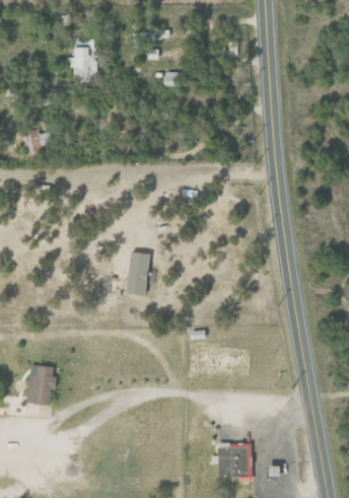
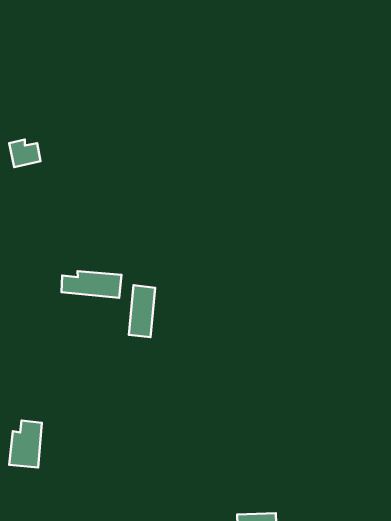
building: [68,39,97,81] -> none
building: none -> [62,271,121,298]

